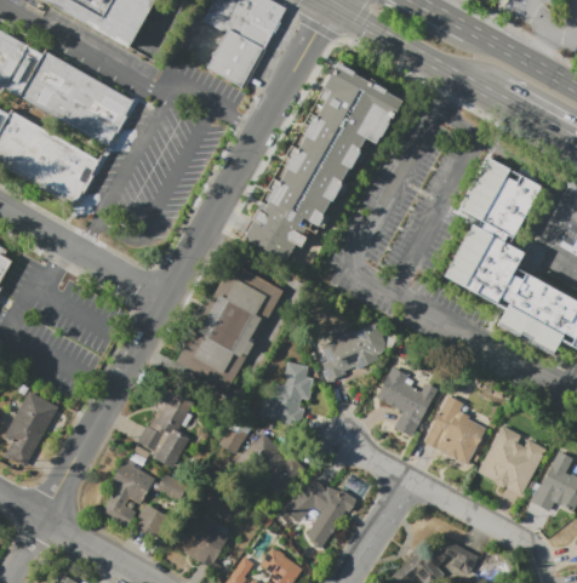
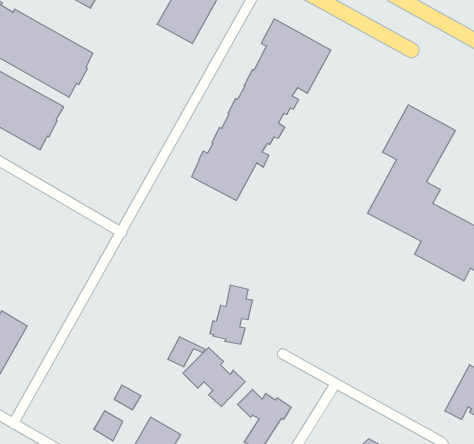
building: [177,262,282,390] -> none
building: [319,321,387,381] -> none
building: [376,365,438,436] -> none
building: [137,384,193,467] -> none
building: [421,394,486,464] -> none
building: [478,424,545,495] -> none
building: [98,457,154,528] -> none

